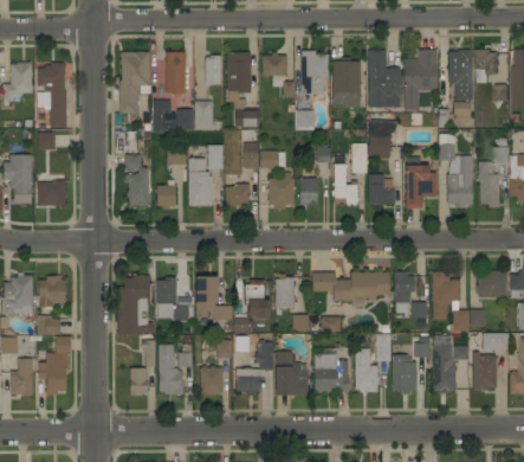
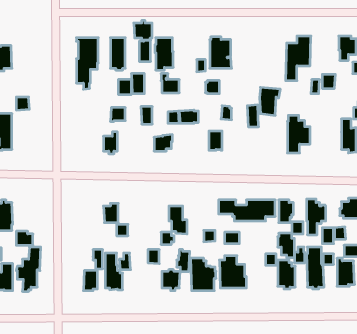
building: [368,50,401,108] -> none
building: [448,50,472,100] -> none
building: [261,52,286,78] -> [134,21,152,40]
building: [332,62,361,108] -> none
building: [38,63,66,128] -> none
building: [154,101,176,131] -> none
building: [439,134,472,208] -> none
building: [125,155,148,205] -> none
building: [188,159,212,206] -> none
building: [334,165,357,205] -> none
building: [269,173,293,210] -> none
building: [368,174,394,205] -> none
building: [38,180,65,206] -> none
building: [276,274,295,310] -> none
building: [39,276,65,309] -> none
building: [117,276,154,334] -> none
building: [195,277,232,333] -> none
building: [355,359,377,392] -> [278,233,294,258]
building: [200,366,222,394] -> none

